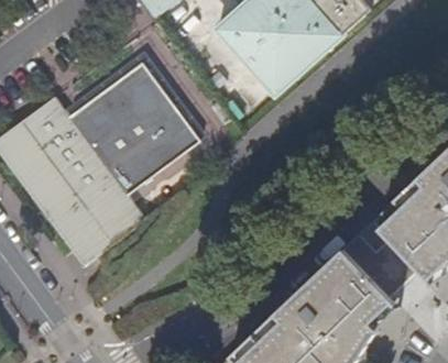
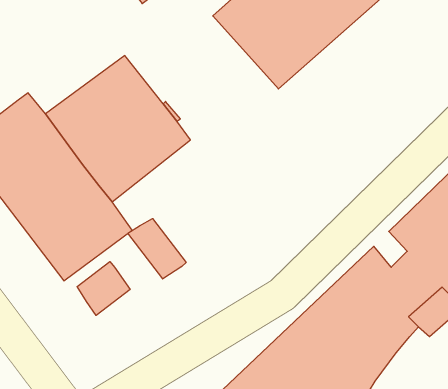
building: none -> [128,219,186,279]
building: none -> [77,262,130,315]

